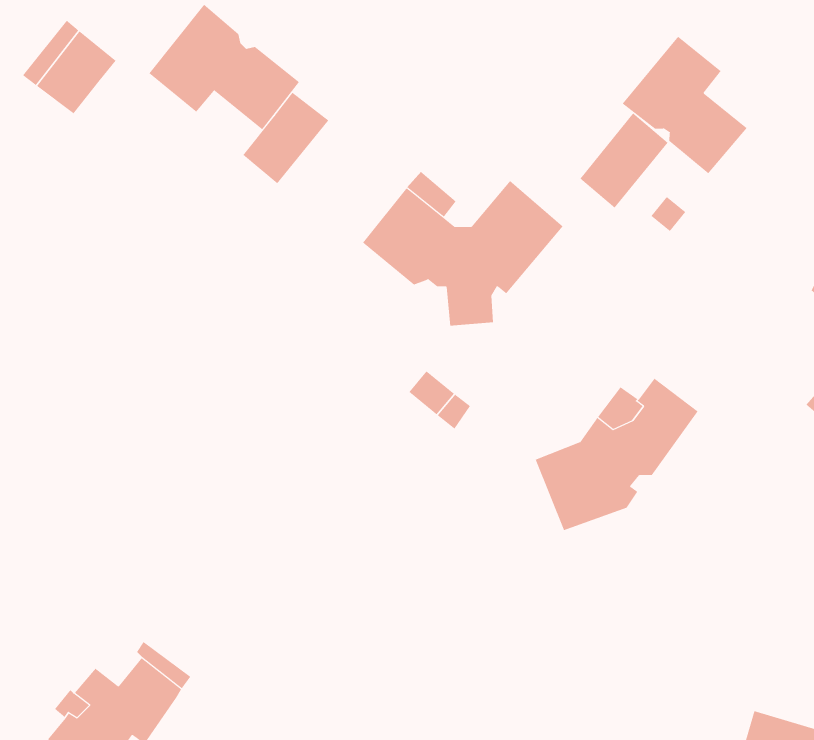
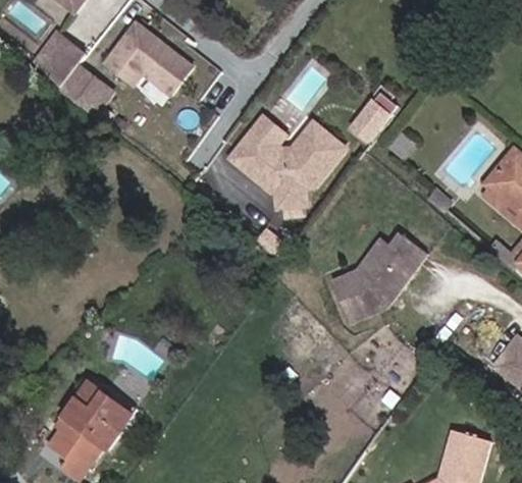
building: [622,36,747,174] -> none
building: none -> [60,66,113,116]
building: [242,92,329,184] -> none

